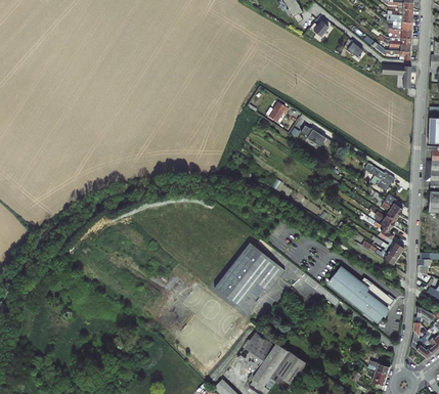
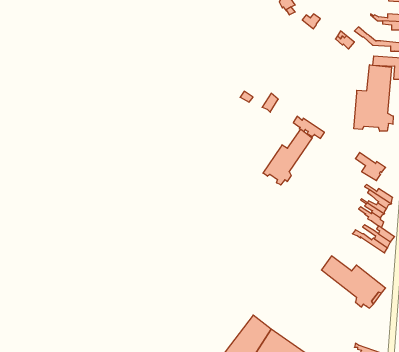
building: none -> [354,65,393,131]
building: none -> [263,129,312,185]
building: [214,243,284,313] -> none

